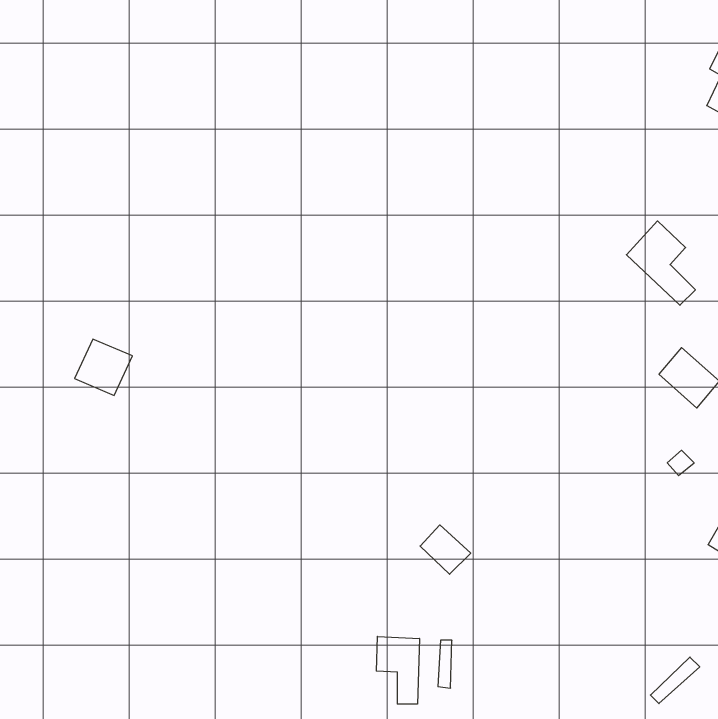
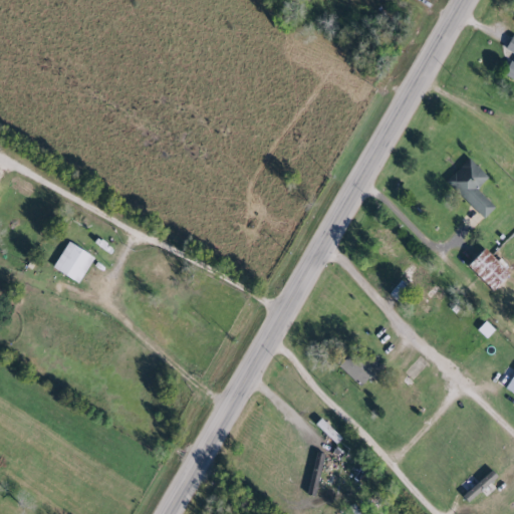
building: [420,525,471,574] -> [341,351,377,387]
building: [376,636,419,704] -> none

